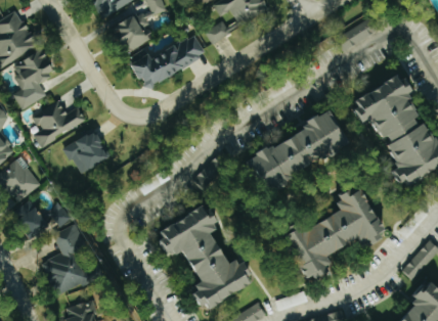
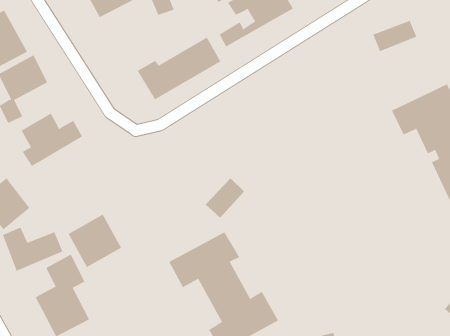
building: [108,12,152,54] -> none
building: [251,110,350,191] -> none
building: [60,130,107,177] -> [68,214,122,268]
building: [287,185,384,280] -> none

